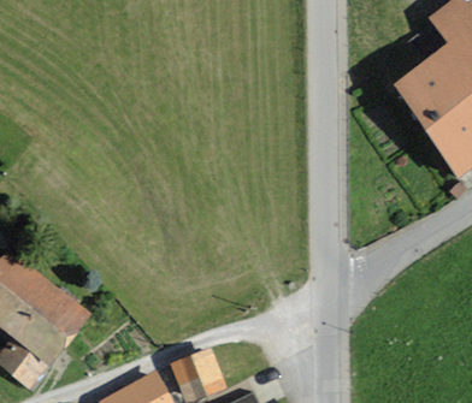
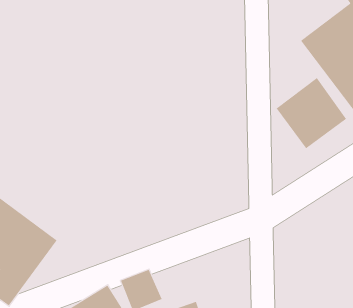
building: none -> [276,77,347,149]

